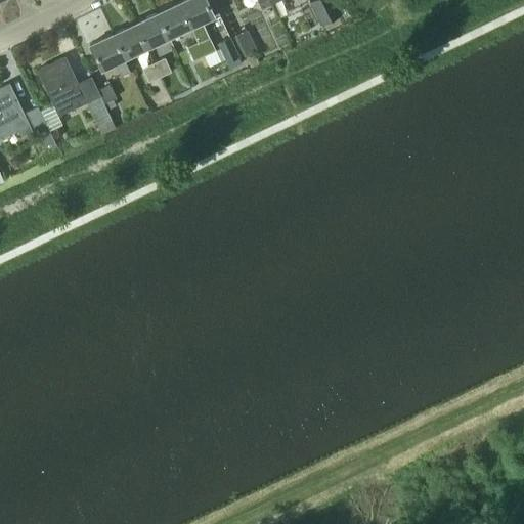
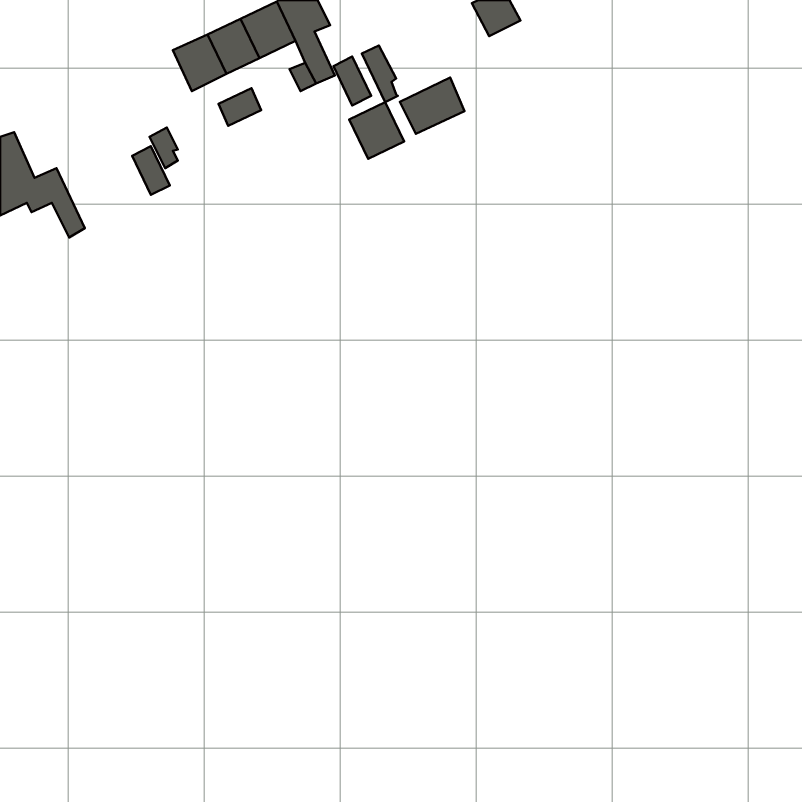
building: [90,34,131,76] -> none
building: none -> [400,78,465,134]
building: [38,57,85,116] -> none
building: none -> [349,102,404,159]

